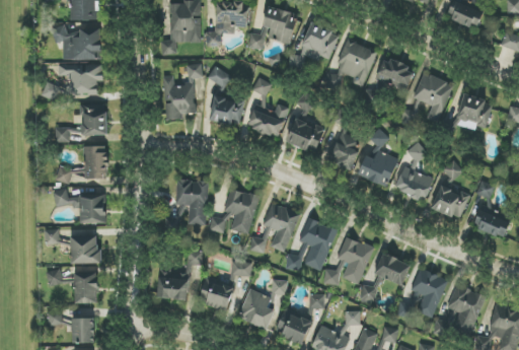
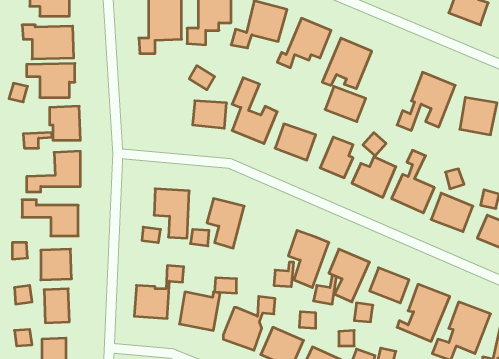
building: [376,57,414,89] -> [325,86,366,122]
building: [163,64,203,120] -> none
building: [263,202,300,252] -> none

